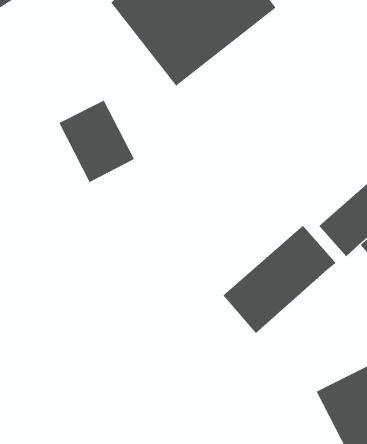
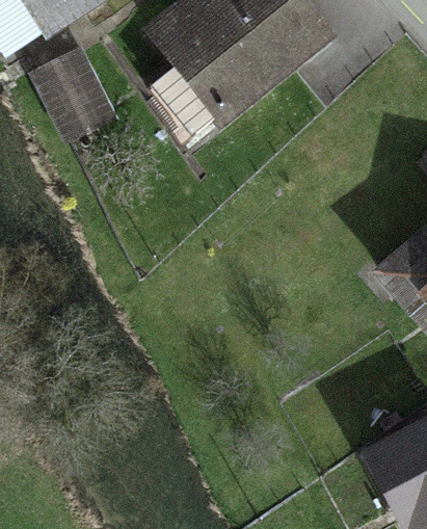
building: [59,100,135,183] -> [32,46,115,136]
building: [222,225,336,334] -> none

